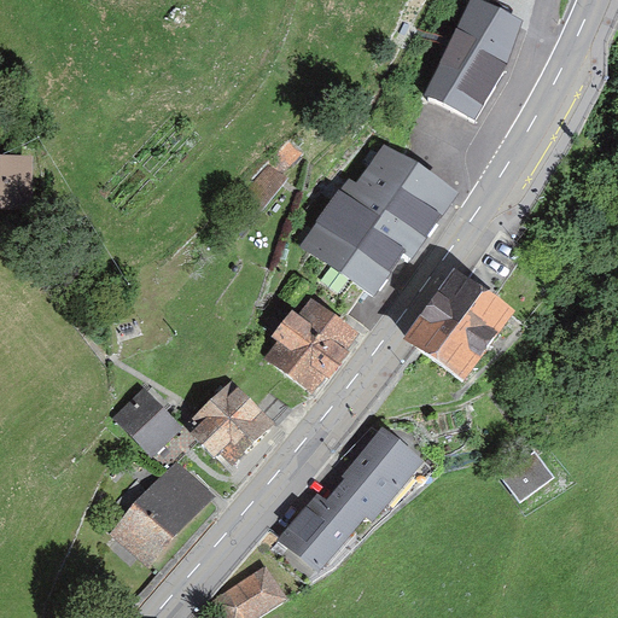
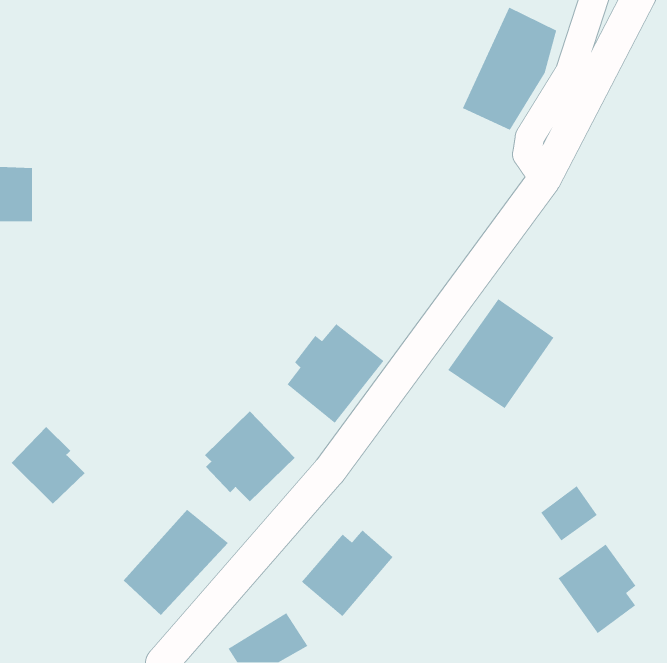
building: [304,144,451,291] -> none
building: [112,381,181,454] -> [11,426,86,505]
building: [334,428,421,519] -> none
building: none -> [557,544,637,634]

